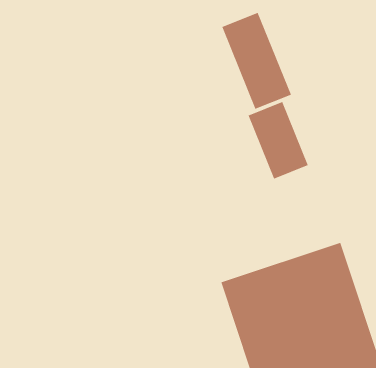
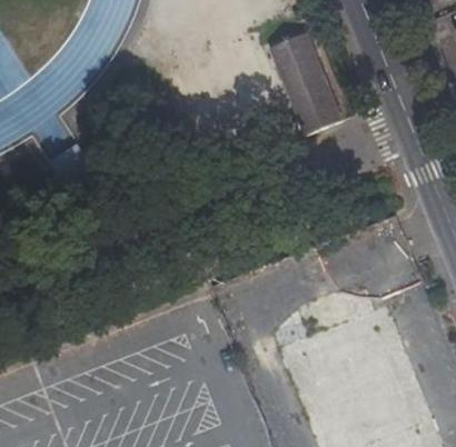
building: [248,101,309,180] -> none

